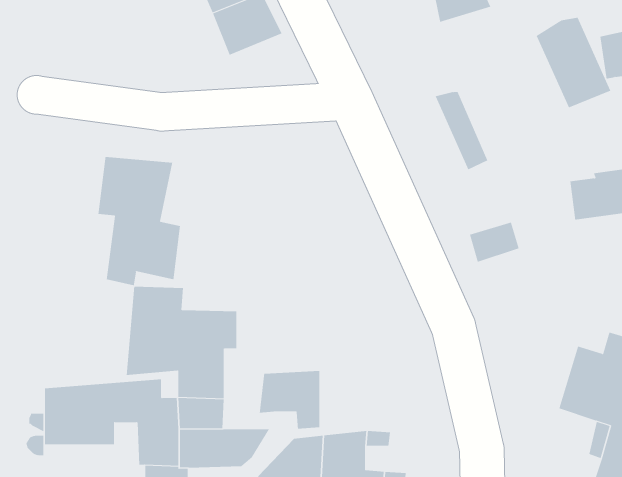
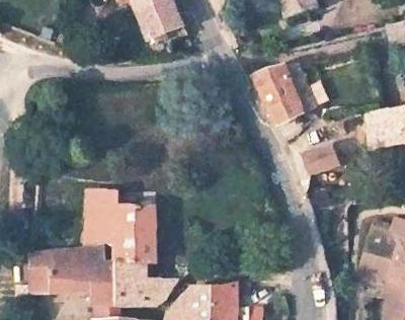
building: [536,17,611,108] -> [254,65,303,124]
building: [98,156,180,286] -> none
building: [259,370,320,429] -> none

